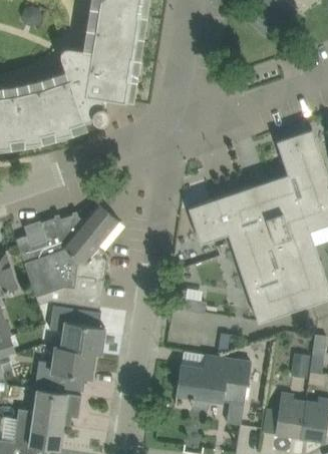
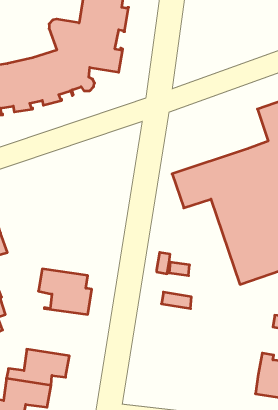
building: [15,202,118,308] -> none
building: [35,347,100,392] -> none
building: [176,355,250,410] -> none

